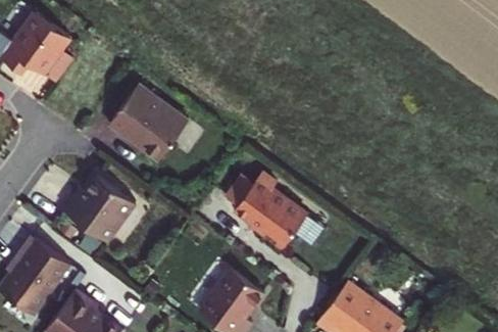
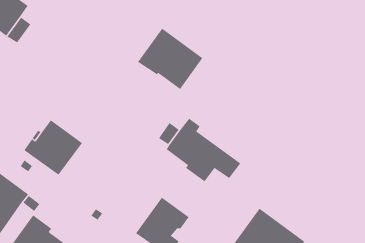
building: [108,85,188,159] -> [137,28,203,90]

